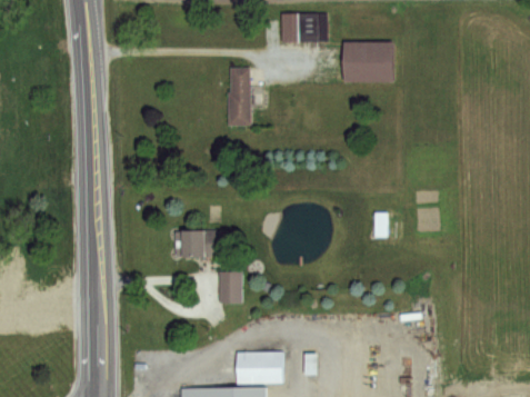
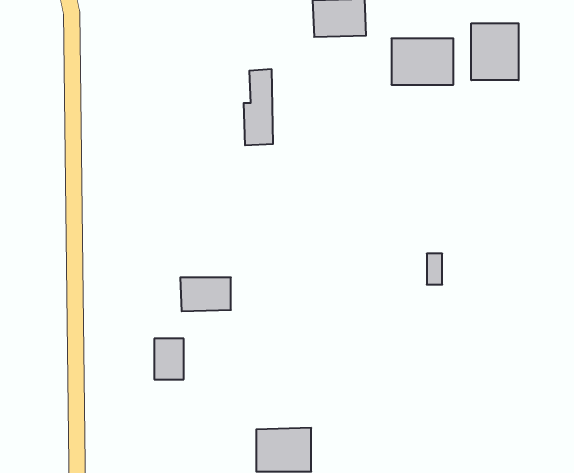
building: none -> [471,23,519,80]
building: [217,271,240,304] -> [154,339,184,379]

